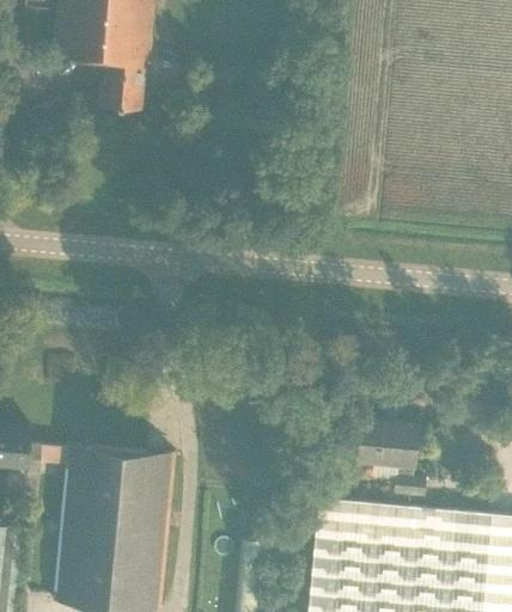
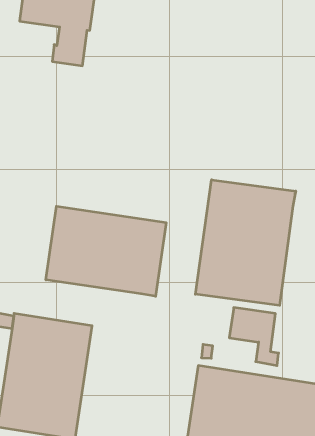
building: none -> [195,180,296,305]
building: none -> [46,206,166,296]

